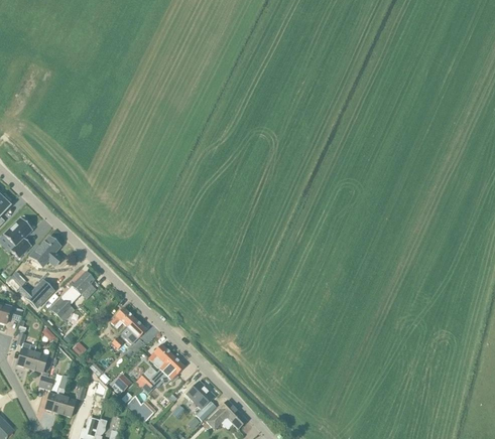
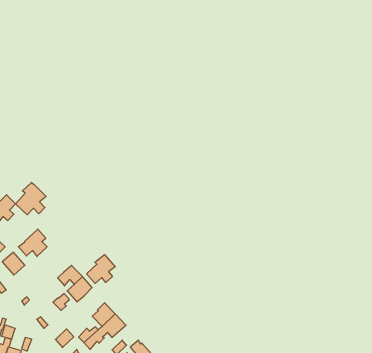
building: none -> [15,182,46,215]
building: none -> [87,255,115,283]

